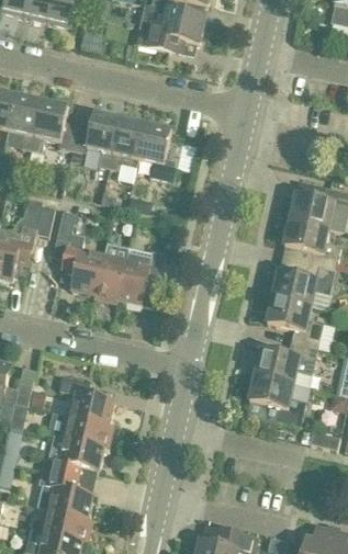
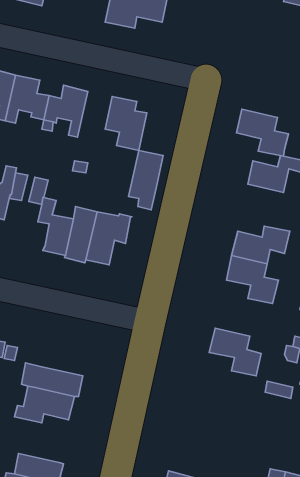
building: [108,118,145,182] -> [129,151,163,210]
building: [285,218,341,269] -> [237,109,289,156]
building: [256,341,317,382] -> none
building: [58,375,114,423] -> none
building: [37,468,92,518] -> none

